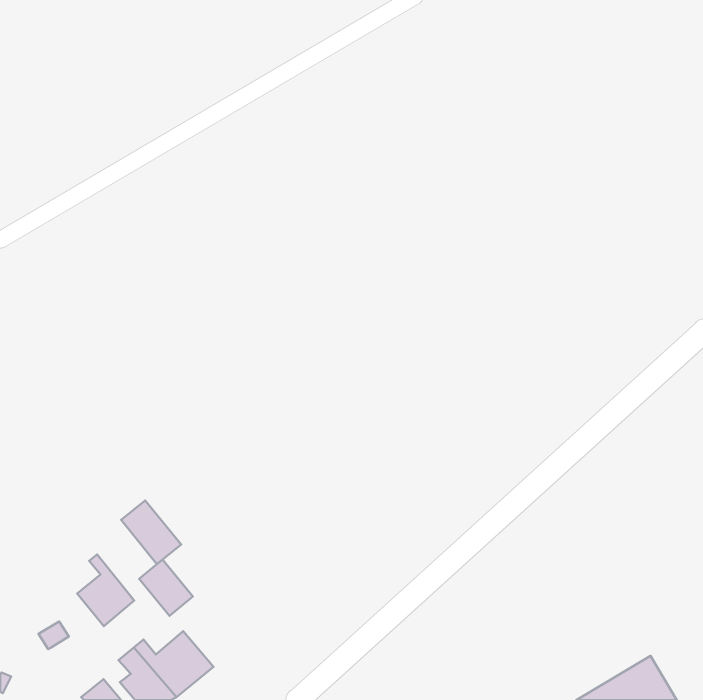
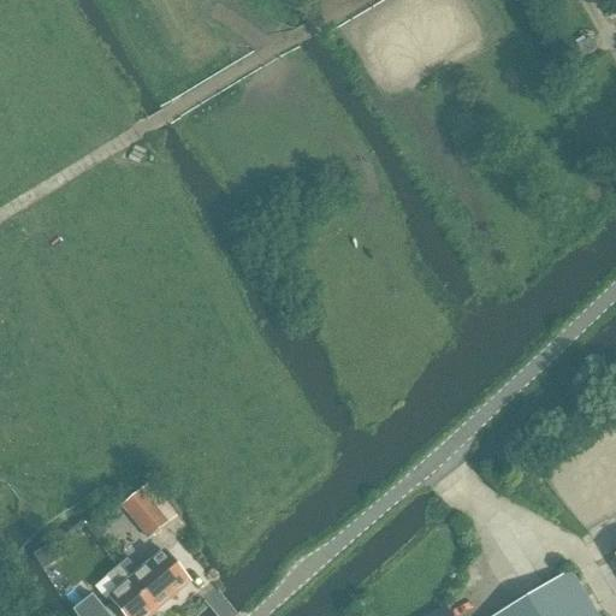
building: [121,501,181,564] -> none
building: [77,554,134,626] -> none

